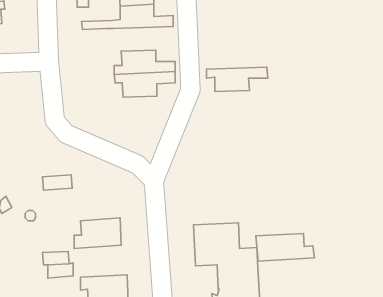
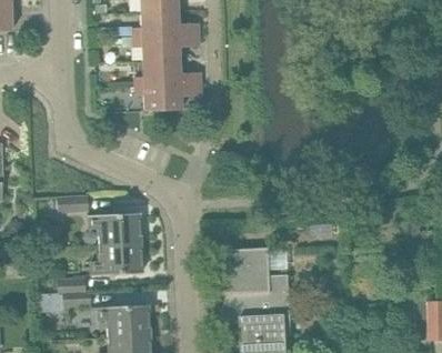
building: [207,67,268,92] -> [133,34,200,61]
building: none -> [89,212,141,245]
building: [256,233,314,261] -> none

